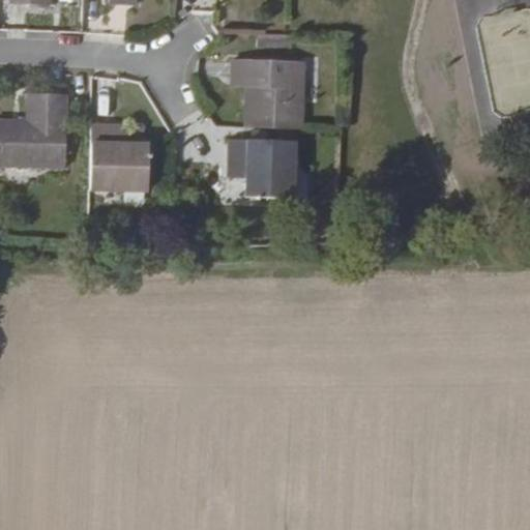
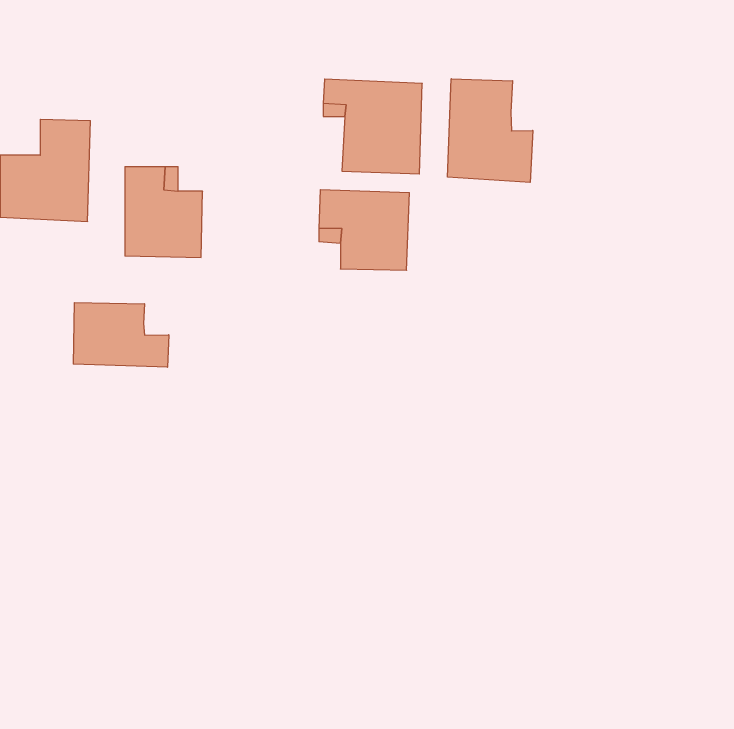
building: none -> [448,79,533,182]
building: none -> [73,303,169,367]

